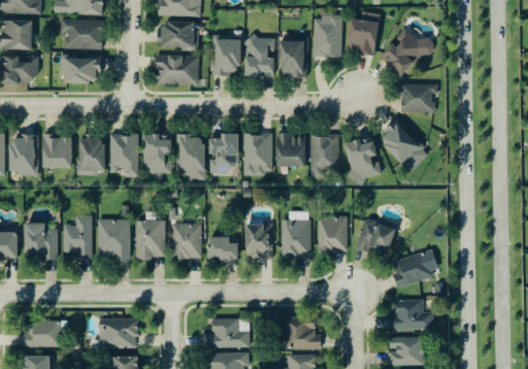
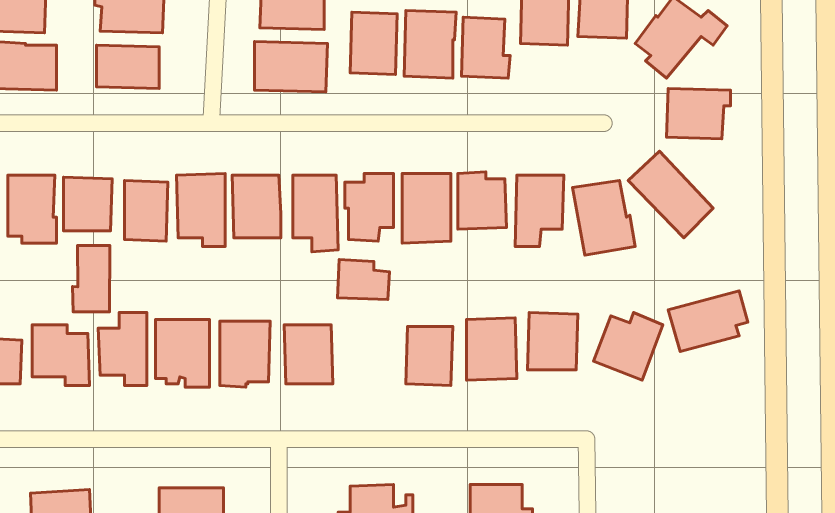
building: none -> [73,245,110,312]
building: [207,236,238,260] -> [337,260,389,300]
building: [391,249,438,286] -> [668,291,748,352]
building: [390,299,432,329] -> none

